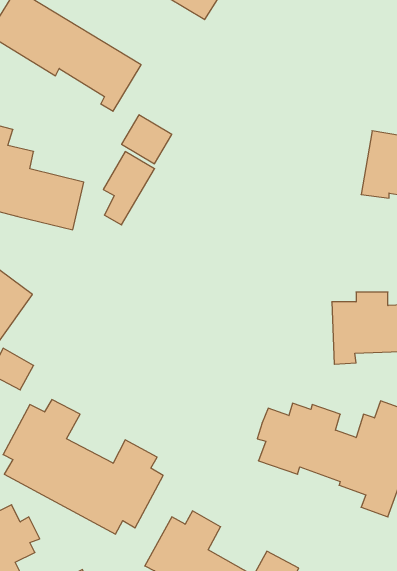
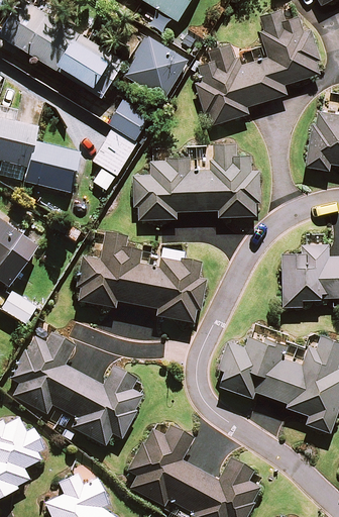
building: none -> [200,10,319,123]
building: none -> [126,34,188,98]
building: none -> [135,145,259,220]
building: none -> [76,235,204,323]

